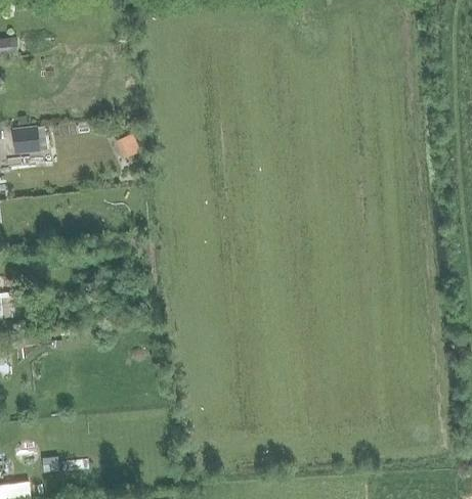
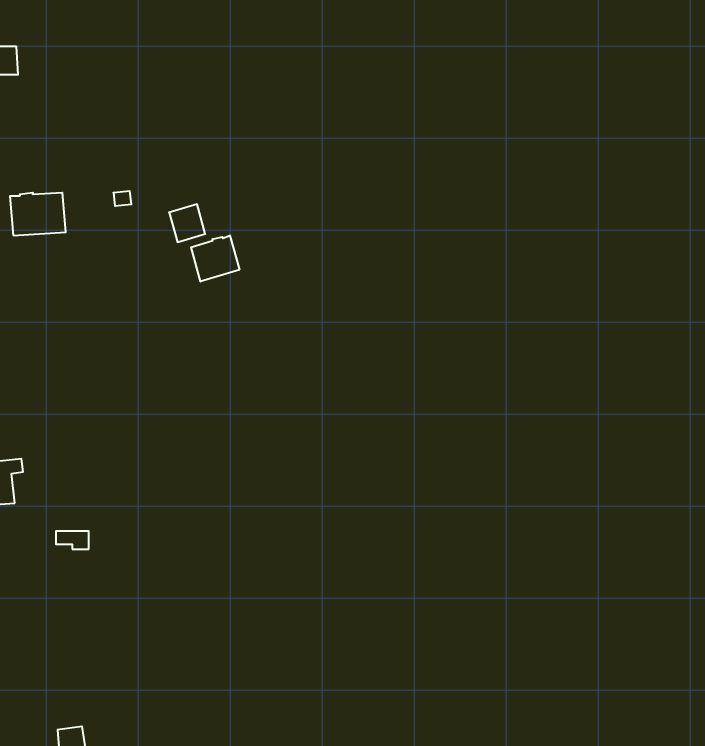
building: none -> [191,235,239,282]

